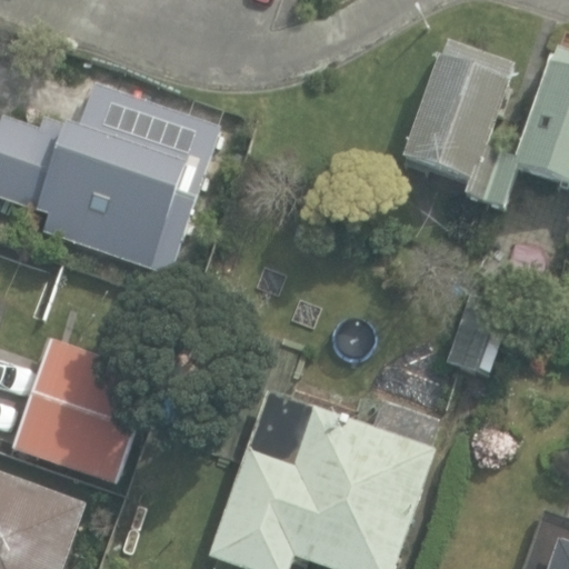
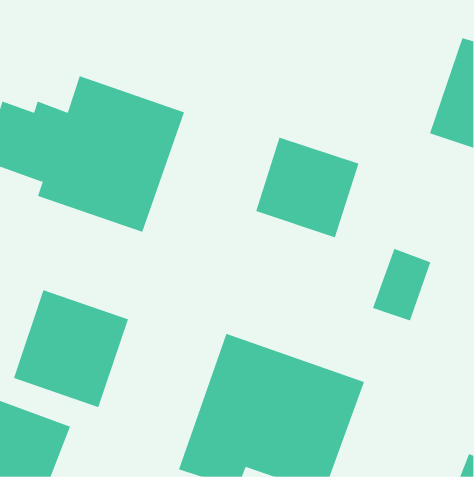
building: [396,33,509,199] -> none
building: none -> [255,137,359,238]

